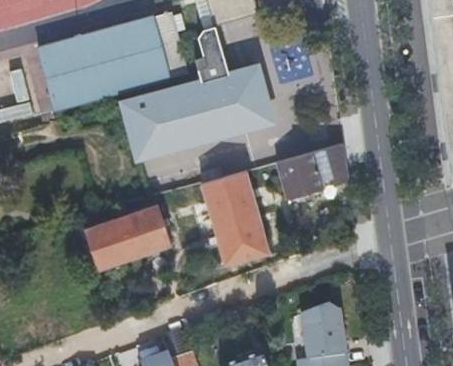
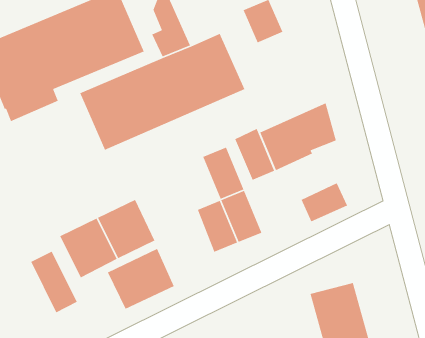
building: [201,175,234,222] -> [234,128,275,181]
building: none -> [301,182,348,223]
building: none -> [30,250,78,313]
building: none -> [107,248,175,310]

